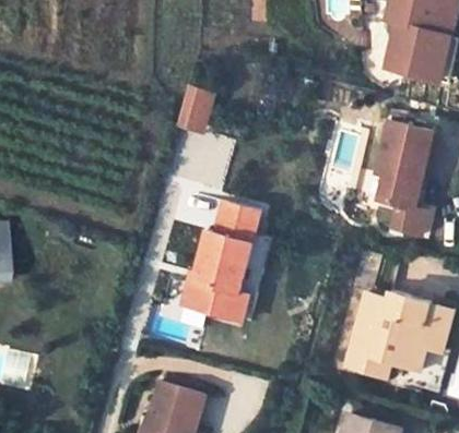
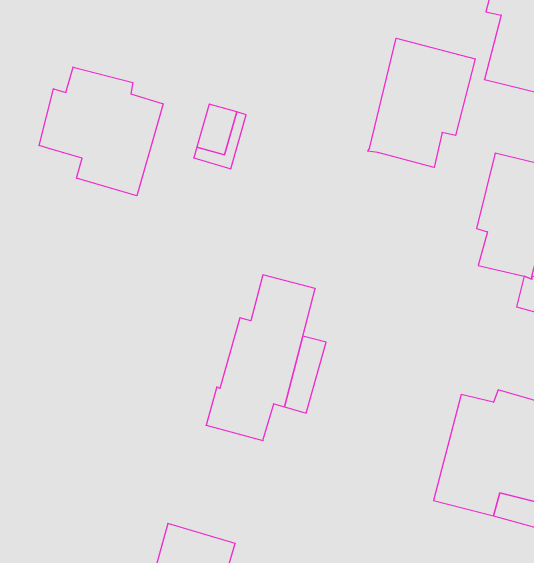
building: none -> [368,38,475,167]
building: none -> [39,67,163,196]

